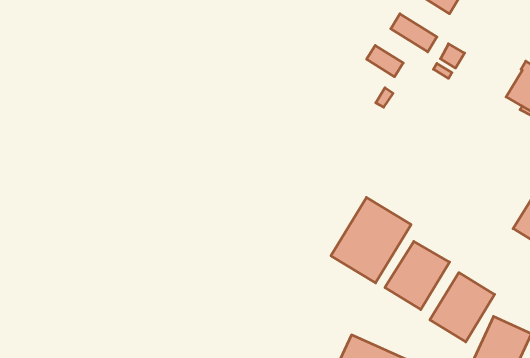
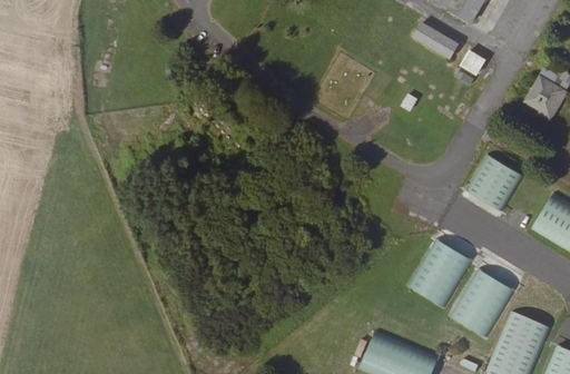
building: [367,45,403,77] -> none
building: none -> [466,156,524,213]
building: [331,197,411,283] -> none

